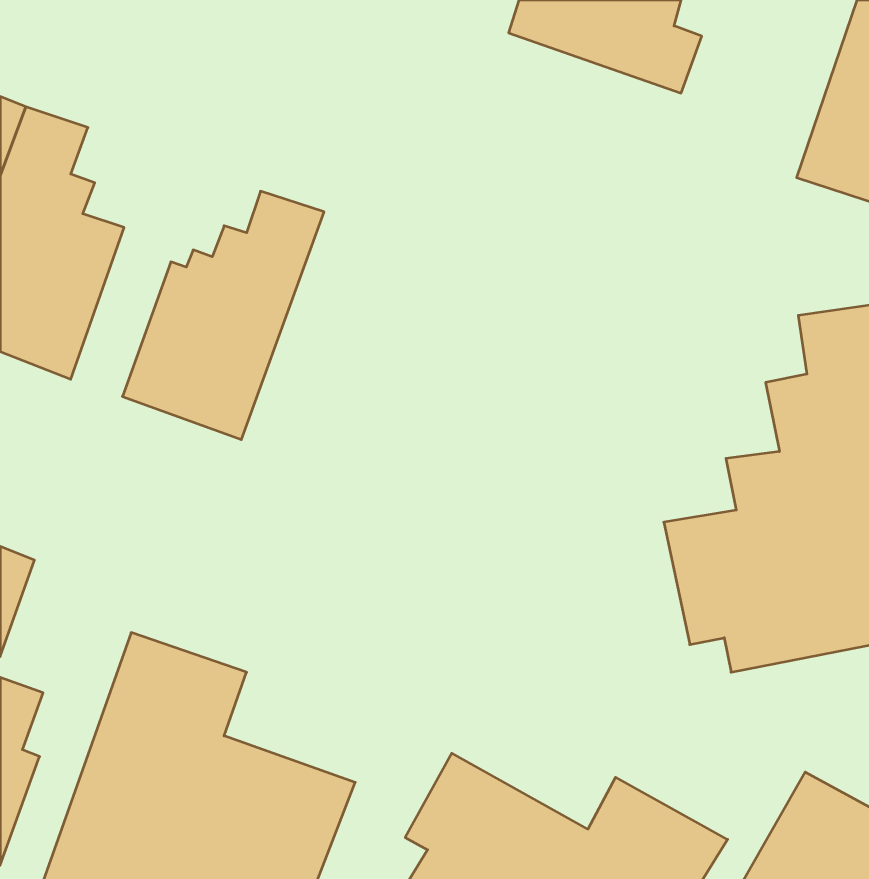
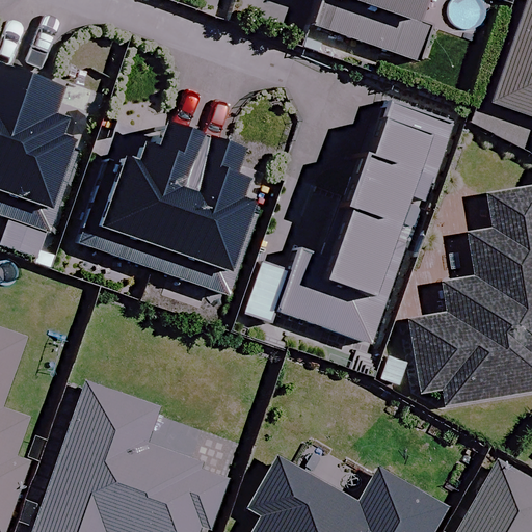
building: none -> [283,102,452,340]
building: none -> [153,129,261,293]

